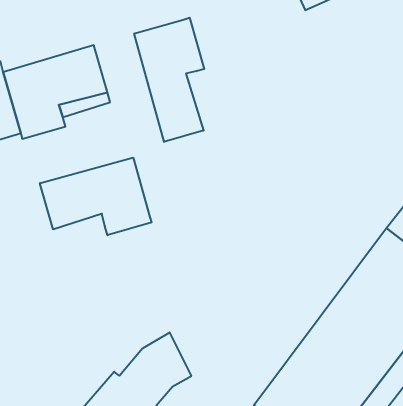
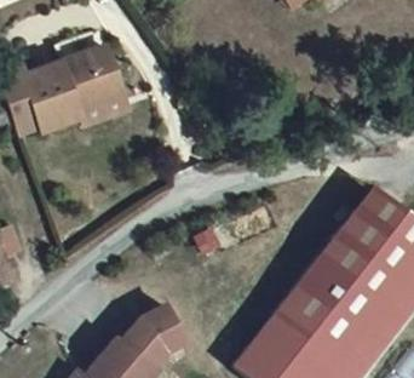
building: [134,18,204,142] -> none
building: [40,158,152,235] -> none

